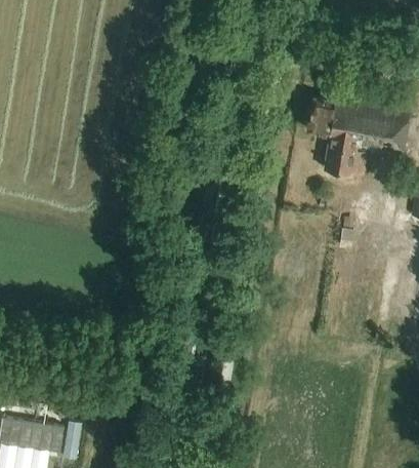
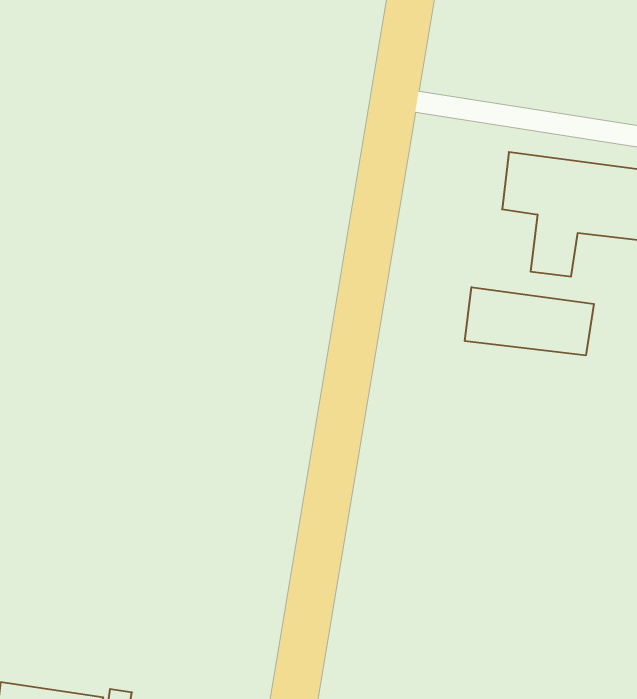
building: none -> [465,287,594,355]

